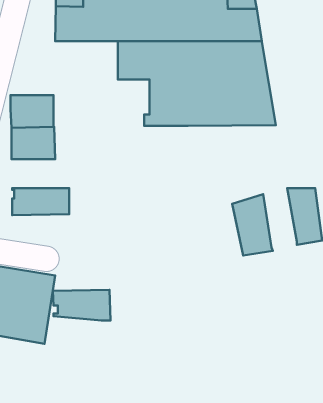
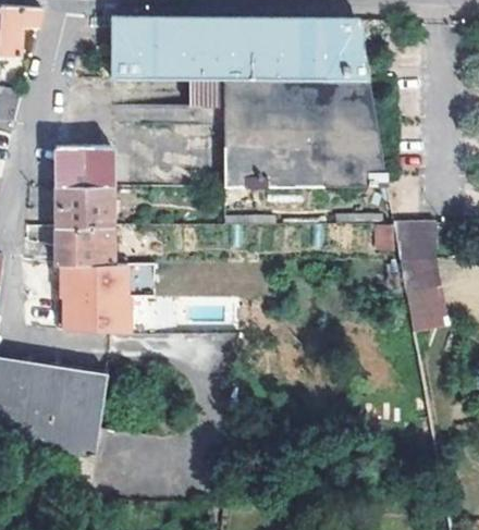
building: none -> [394,223,435,261]
building: none -> [57,225,112,261]
building: [232,194,273,256] -> none
building: [53,290,110,321] -> [58,294,130,332]

